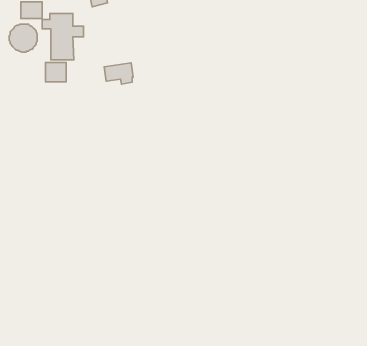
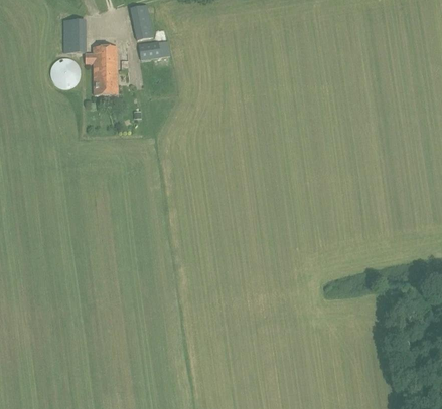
building: [46,62,66,82] -> none
building: [104,63,133,84] -> [139,39,169,61]

